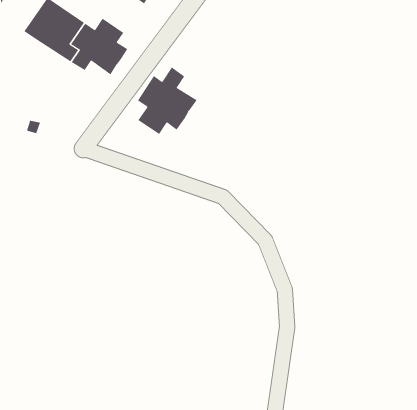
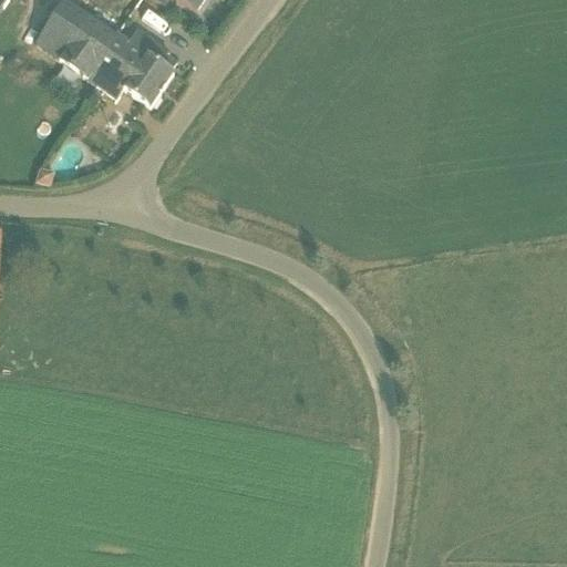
building: [137,67,197,135] -> none

